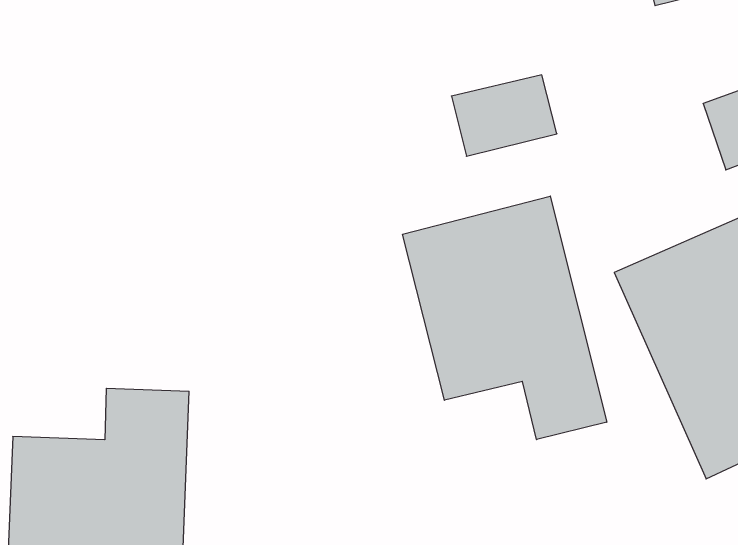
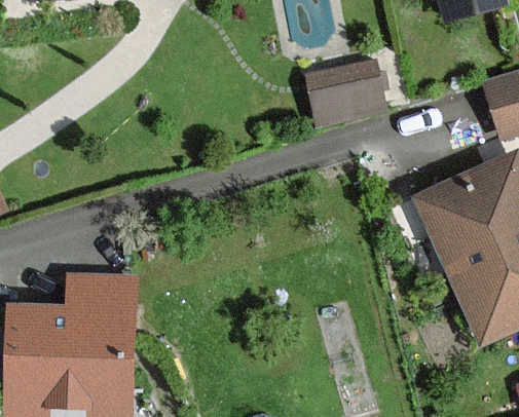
building: [403,196,607,440] -> none

